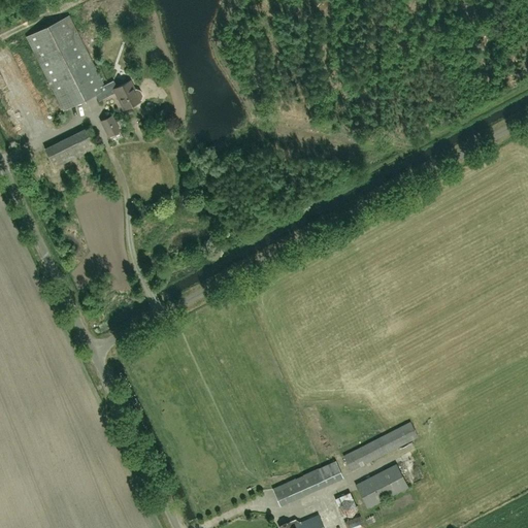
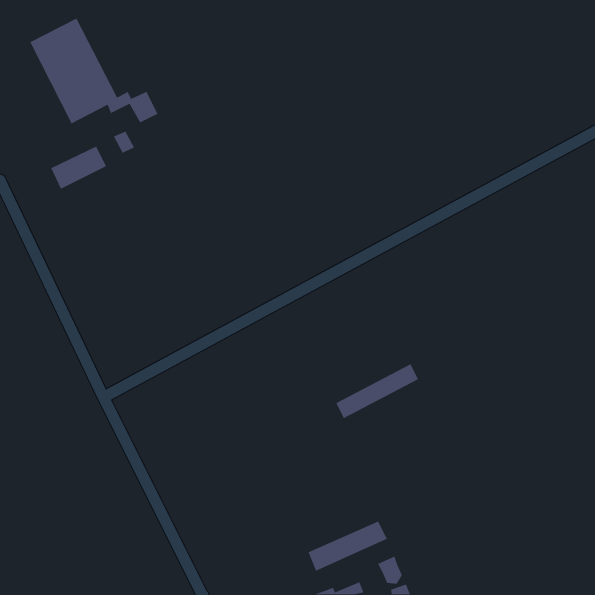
building: [343,422,418,471] -> [335,363,419,419]
building: [355,464,407,507] -> none

